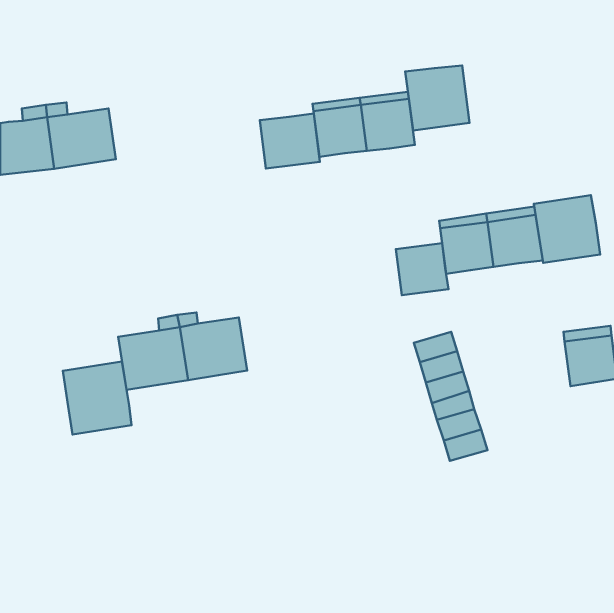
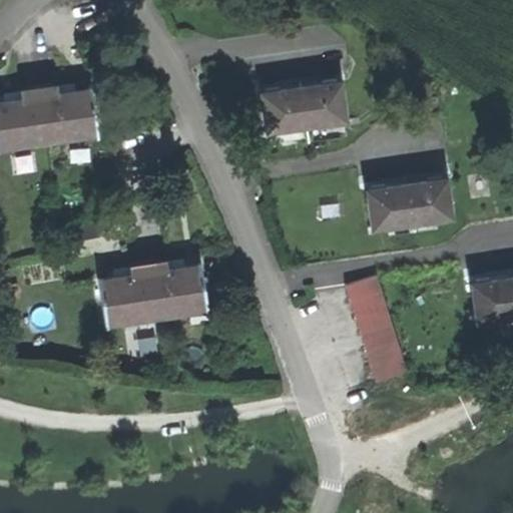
building: [405,65,470,130] -> none
building: [260,113,320,169] -> none
building: [534,195,600,263] -> none
building: [396,243,448,295] -> none
building: [63,361,132,434] -> none

